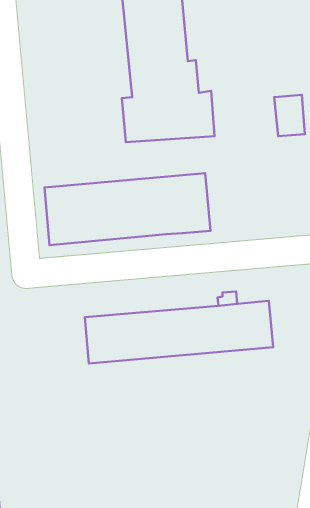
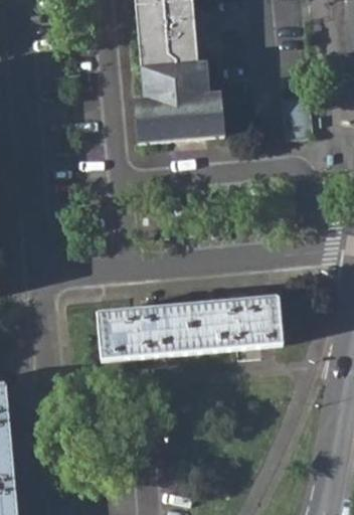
building: [44,173,210,245] -> none

